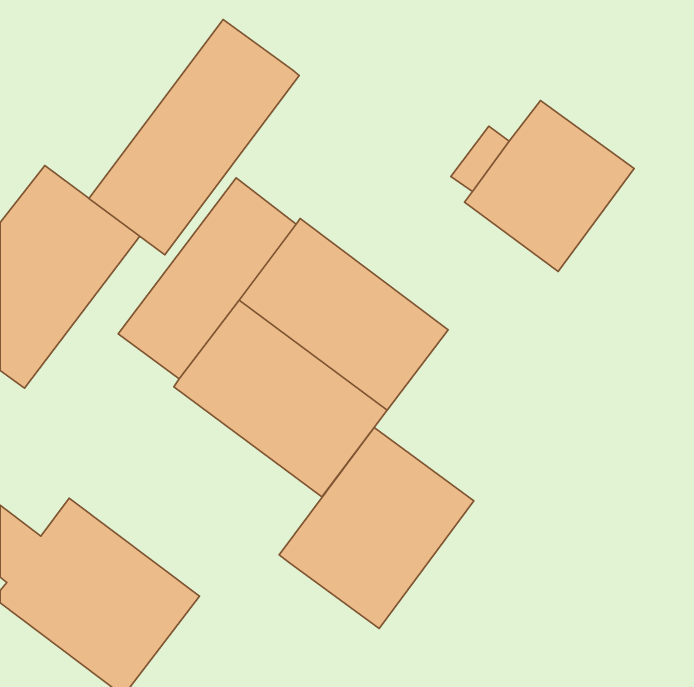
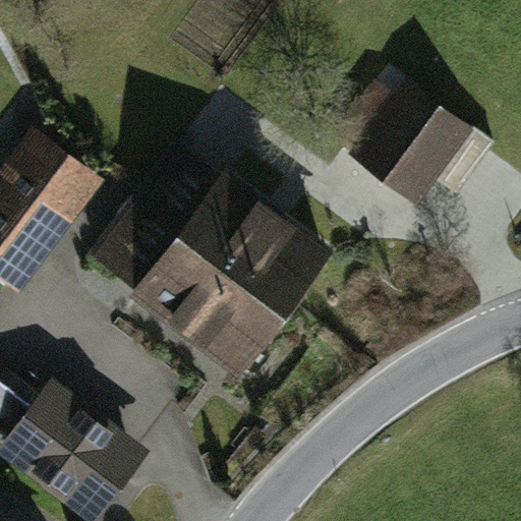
building: [89,19,299,255] -> none
building: [279,427,474,628] -> none

